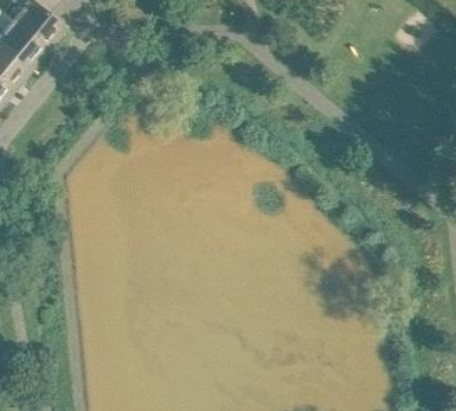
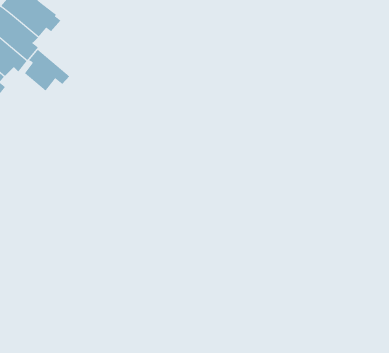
building: none -> [24,49,70,91]

